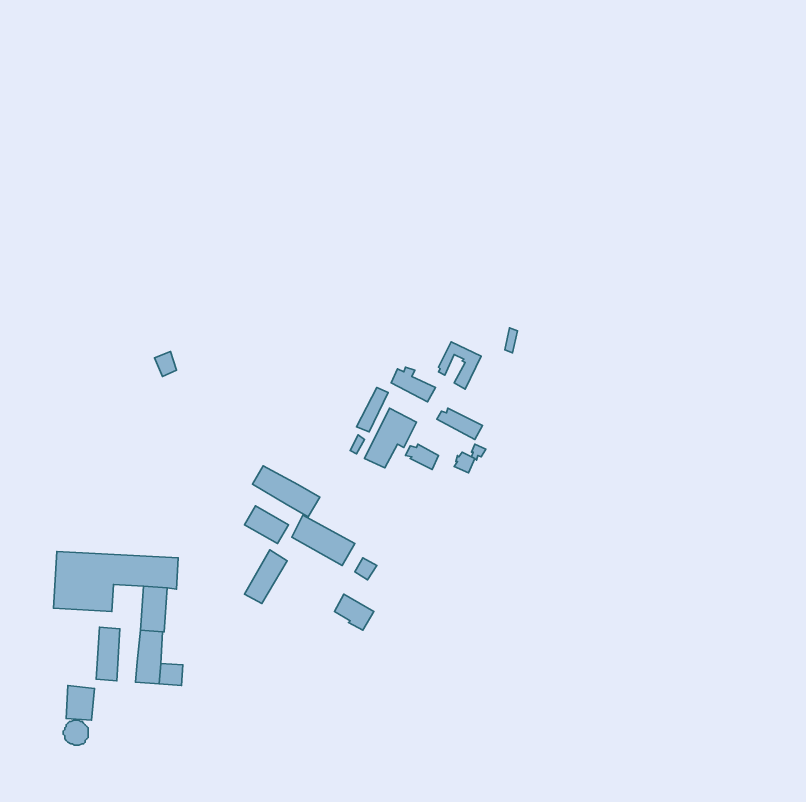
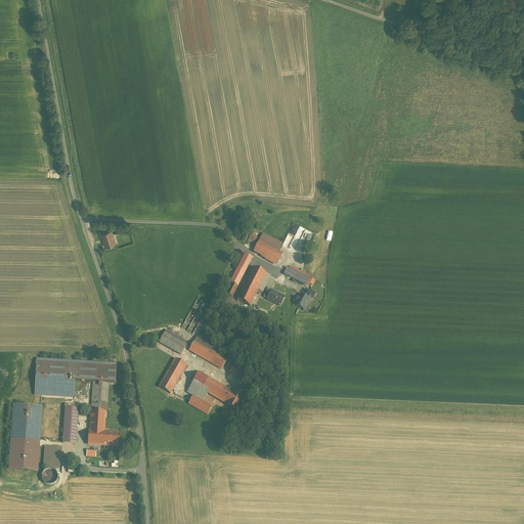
building: [253,466,320,517] -> none
building: none -> [187,372,223,413]
building: none -> [8,404,42,470]

